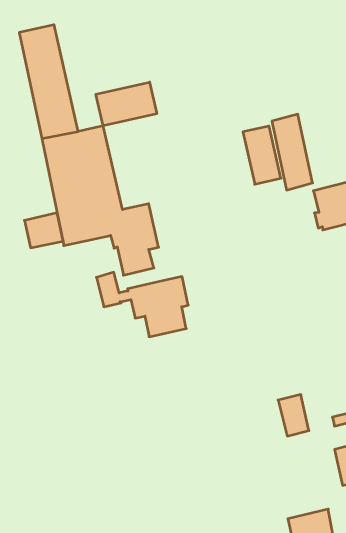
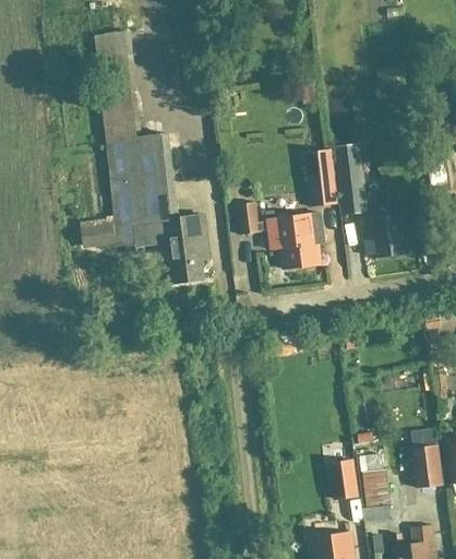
building: [96,82,157,126] -> none
building: [96,272,188,337] -> [237,201,324,267]
building: [278,395,309,436] -> [329,460,357,499]

